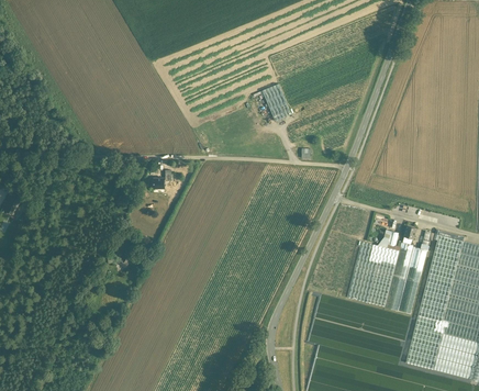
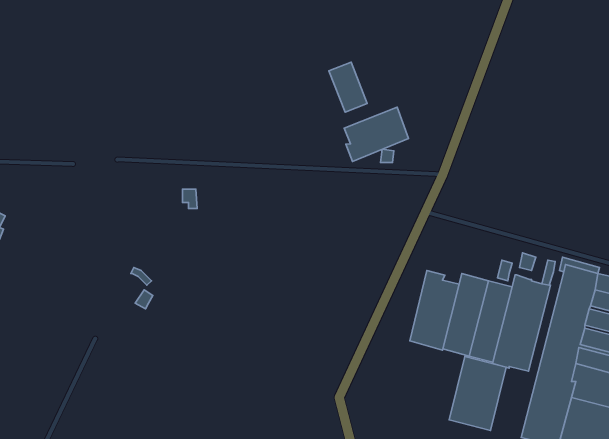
building: none -> [344,107,409,161]
building: none -> [410,270,459,350]
building: none -> [449,357,506,431]

